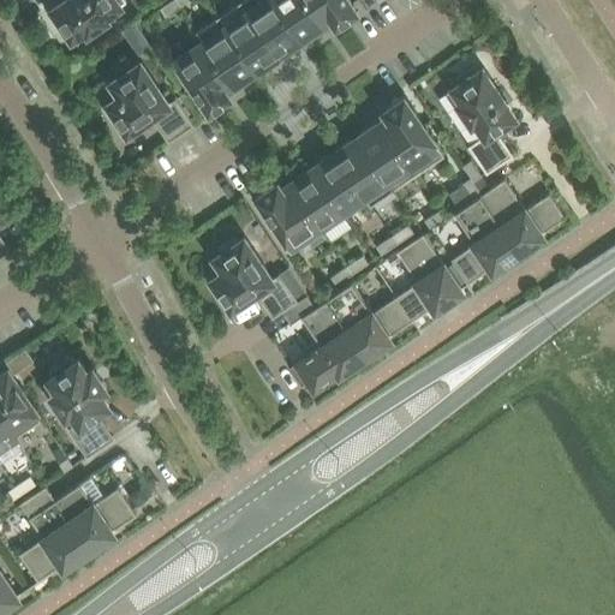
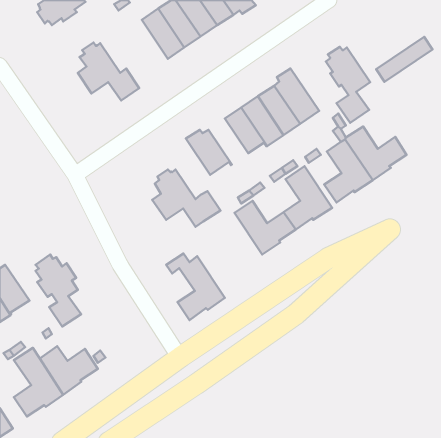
building: [177,34,233,112] -> none
building: none -> [376,37,432,82]
building: [289,171,345,234] -> none
building: [282,298,364,390] -> [166,254,225,320]

